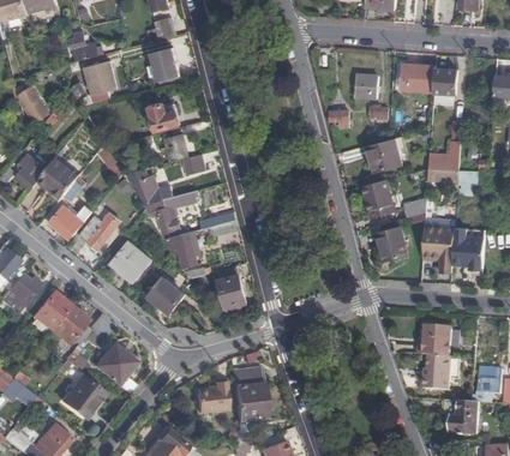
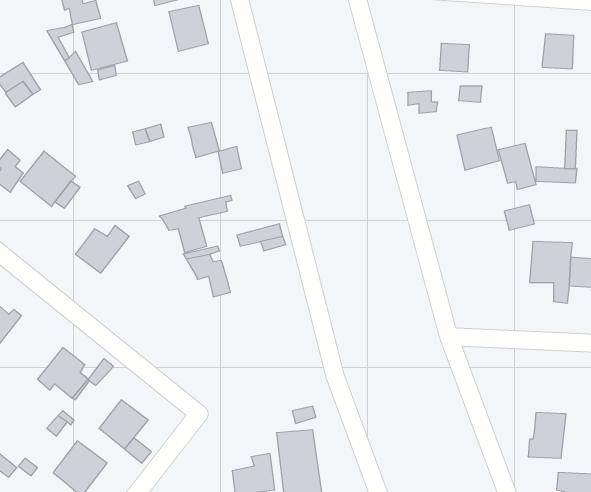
building: [400,65,434,91] -> none
building: [149,103,179,131] -> none
building: [127,168,170,204] -> none
building: [365,180,394,215] -> [498,143,536,189]
building: [49,206,83,240] -> none
building: [377,229,406,259] -> none
building: [110,242,150,282] -> none
building: [215,266,246,308] -> none
building: [148,278,184,313] -> none
building: [32,293,68,330] -> none
building: [416,324,450,356] -> none

